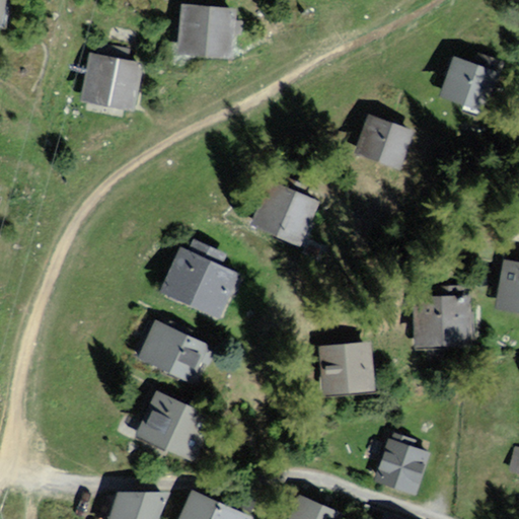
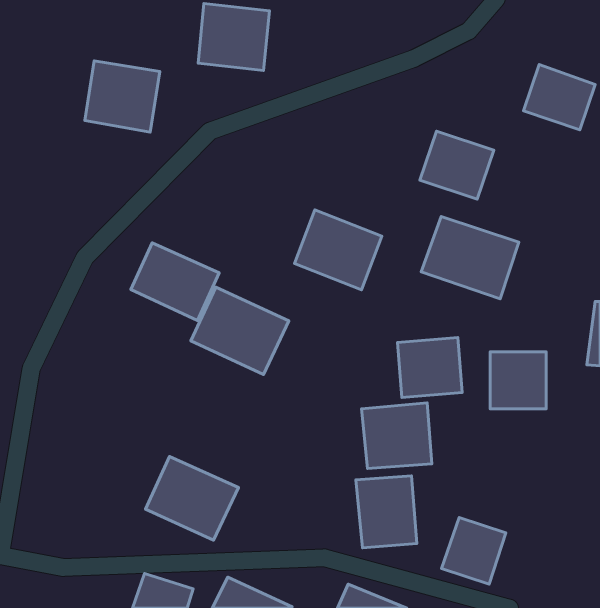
building: none -> [421,217,519,299]
building: none -> [398,338,462,397]
building: [142,319,217,385] -> [131,243,219,320]
building: none -> [356,476,417,548]

